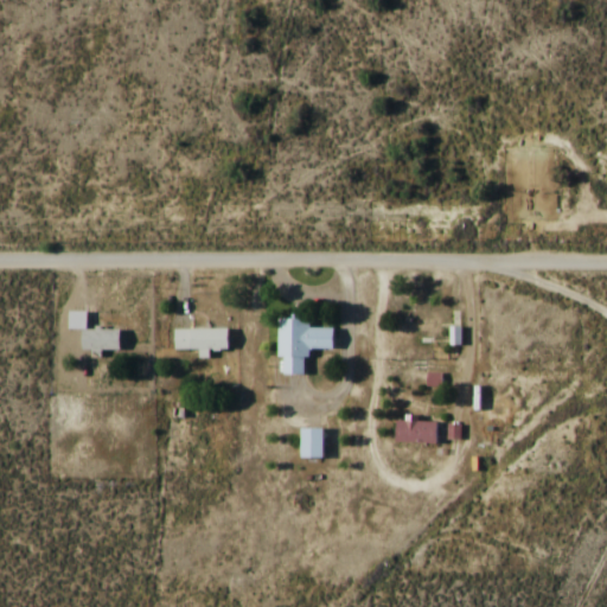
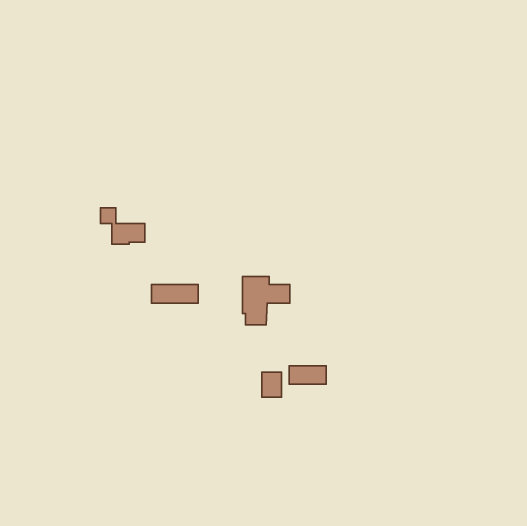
building: [69,312,120,353] -> [100,208,145,244]
building: [396,422,439,443] -> [289,366,326,384]

